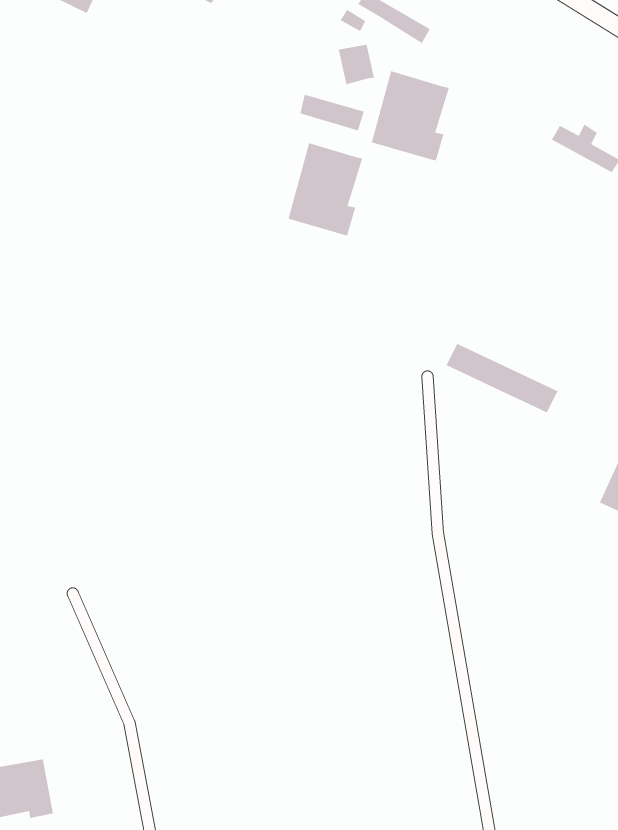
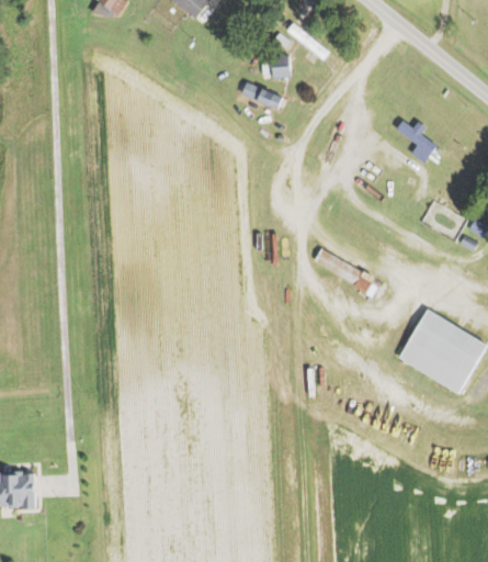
building: [371,70,450,161] -> none
building: [287,142,363,236] -> none

